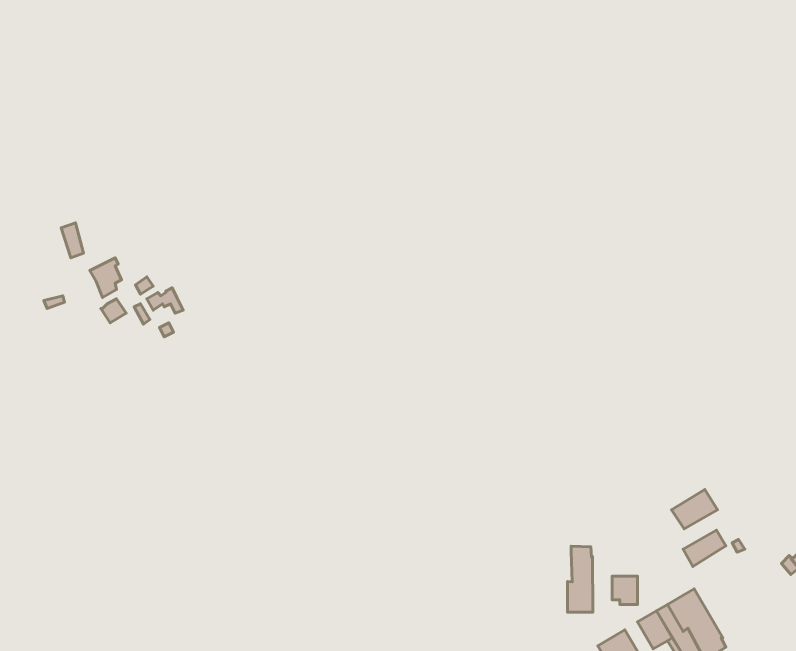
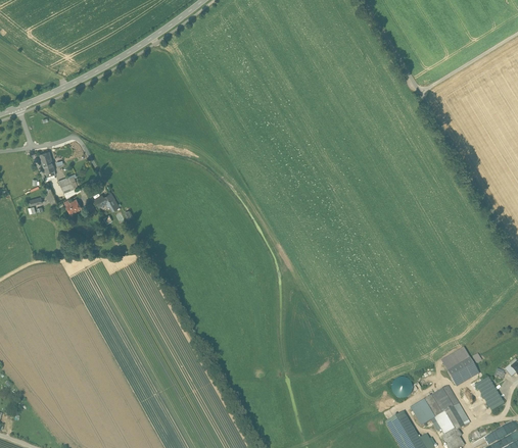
building: [671,489,717,529] -> [448,357,477,383]
building: [568,546,593,612] -> none
building: none -> [475,377,504,410]

